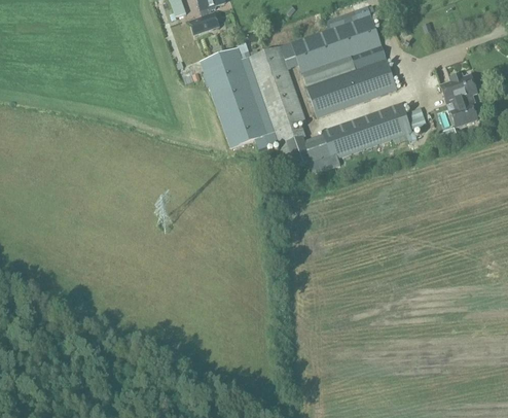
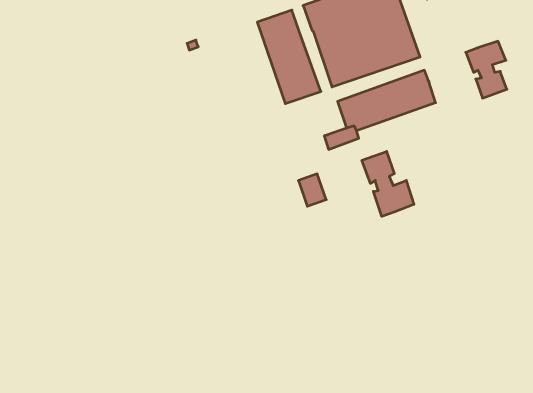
building: [198,46,277,149] -> none
building: [285,136,311,166] -> [298,174,326,206]
building: none -> [362,151,414,216]

